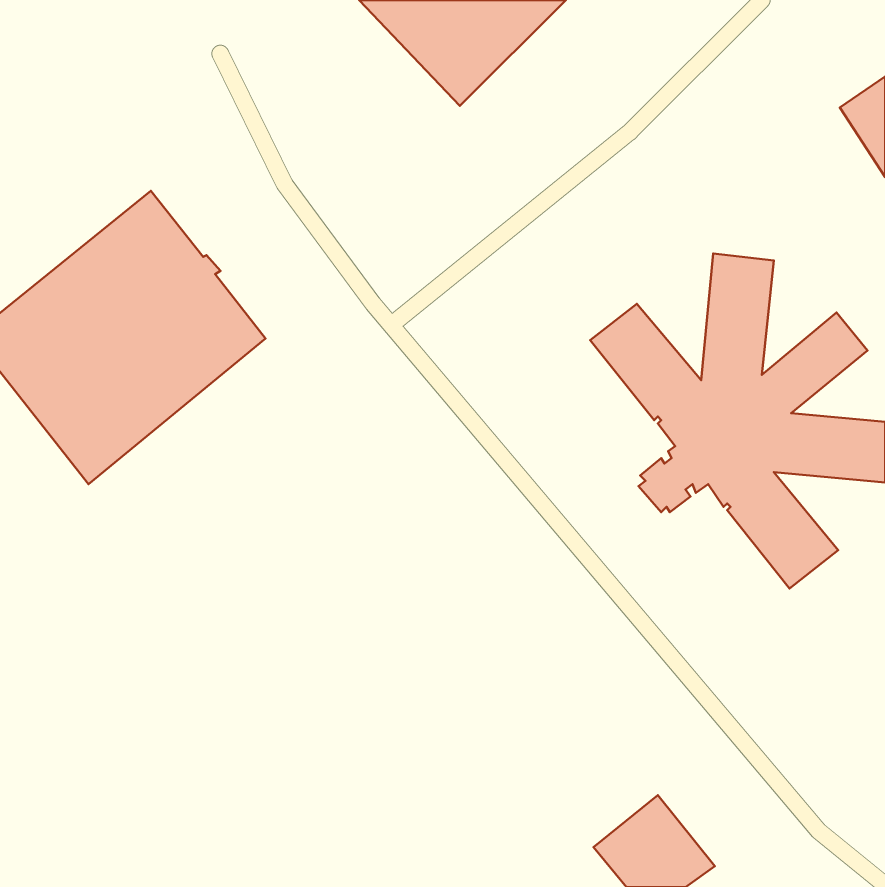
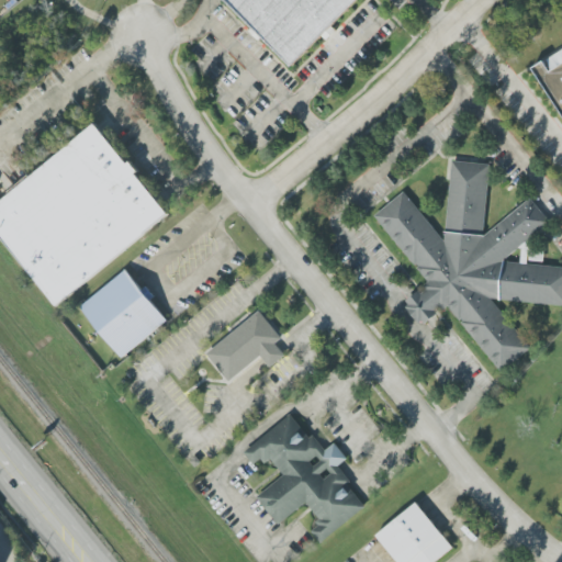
building: none -> [79,269,167,358]
building: none -> [205,311,284,382]
building: none -> [244,414,364,543]

